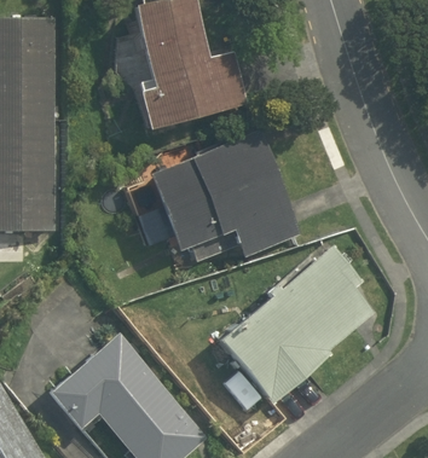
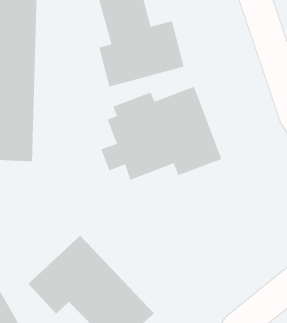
building: [220,248,376,407] -> none

